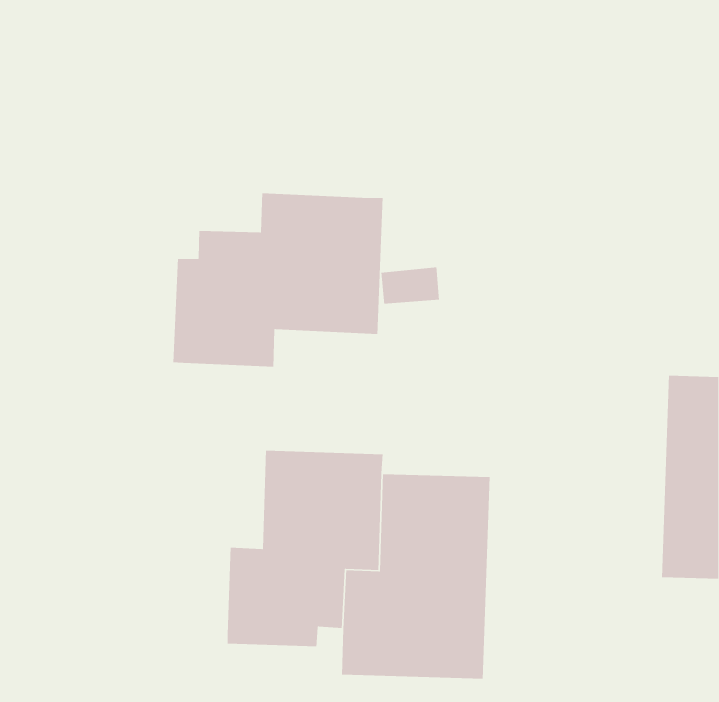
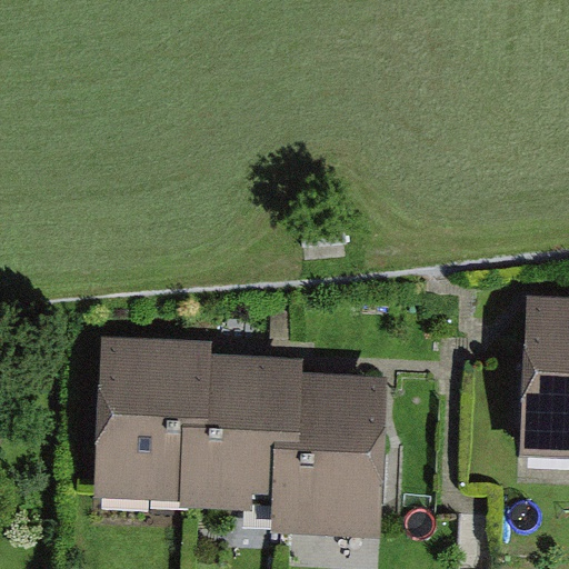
building: [173,193,384,368] -> none
building: none -> [94,337,210,500]

